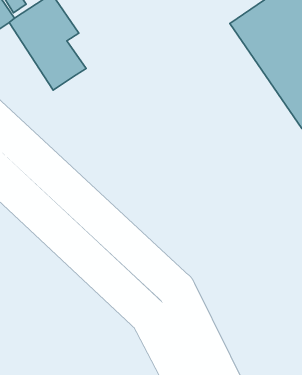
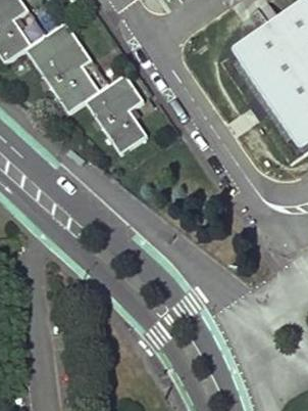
building: none -> [86,73,147,151]

